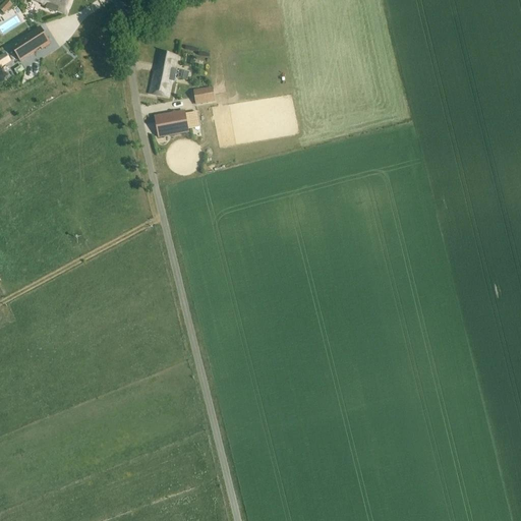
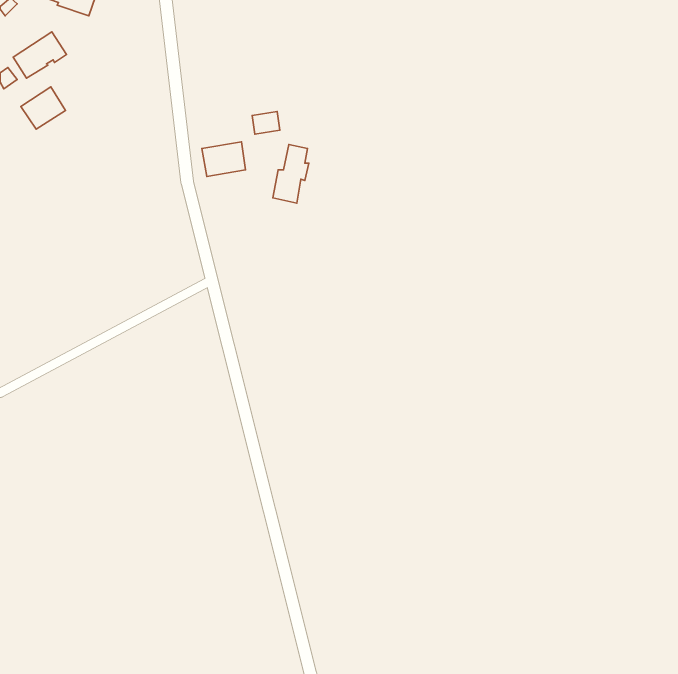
building: [150,53,177,98] -> [273,145,309,203]
building: none -> [21,87,66,129]

